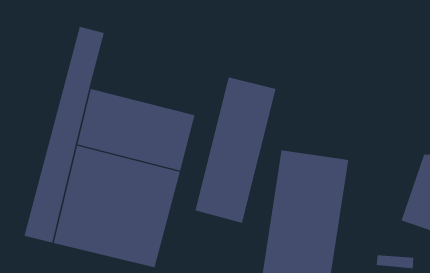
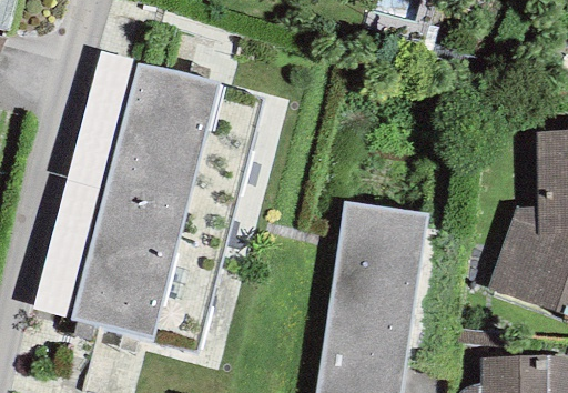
building: none -> [113,60,257,160]
building: [194,77,277,224] -> none

